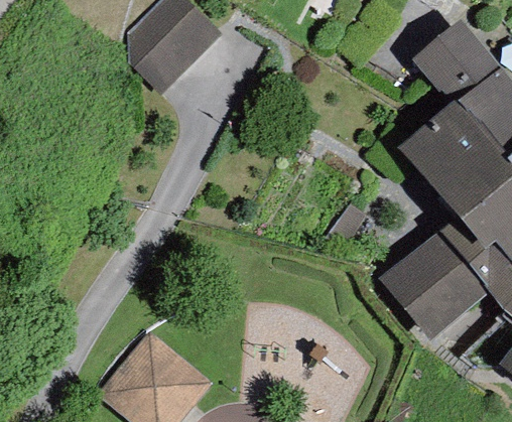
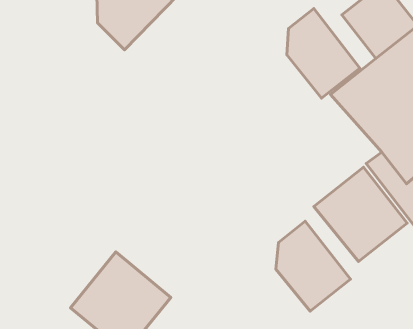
building: none -> [287,8,360,98]
building: none -> [276,221,350,311]

